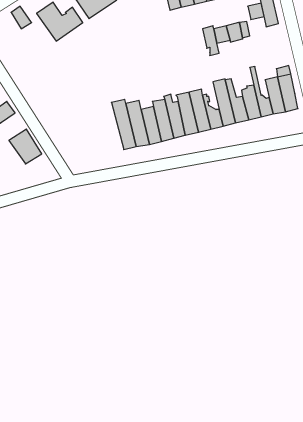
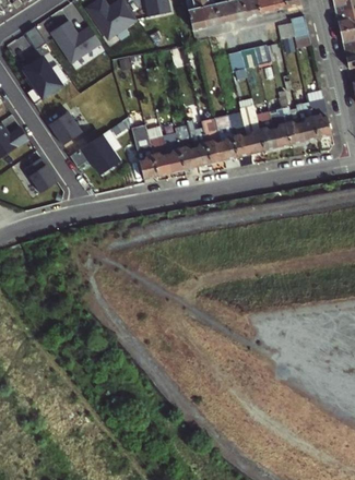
building: none -> [22,56,62,103]
building: none -> [48,111,82,146]
building: none -> [81,134,121,177]

